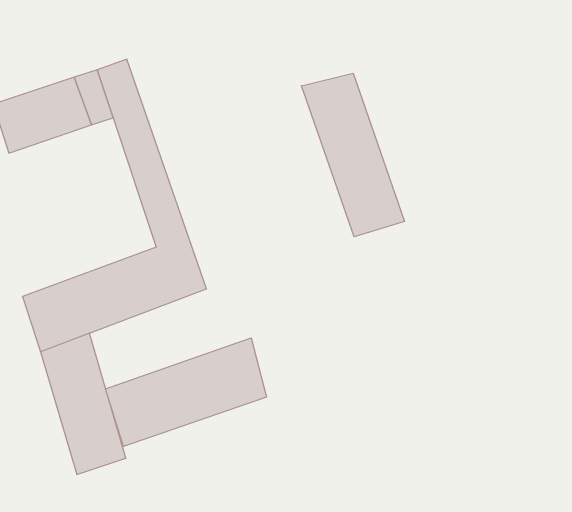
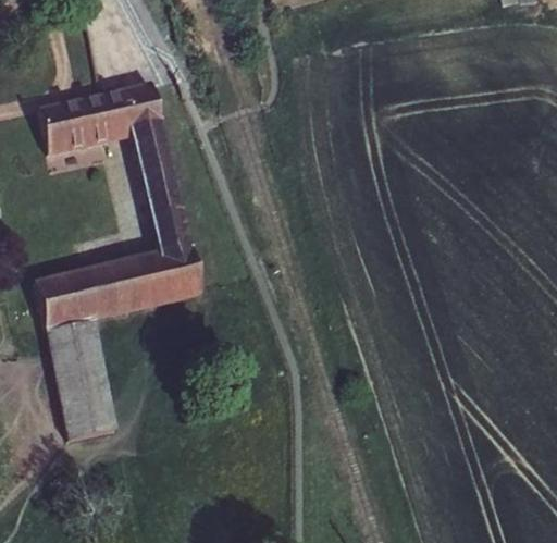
building: [301,73,404,237] -> none
building: [106,338,266,446] -> none

